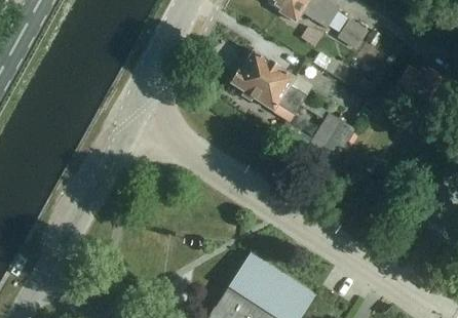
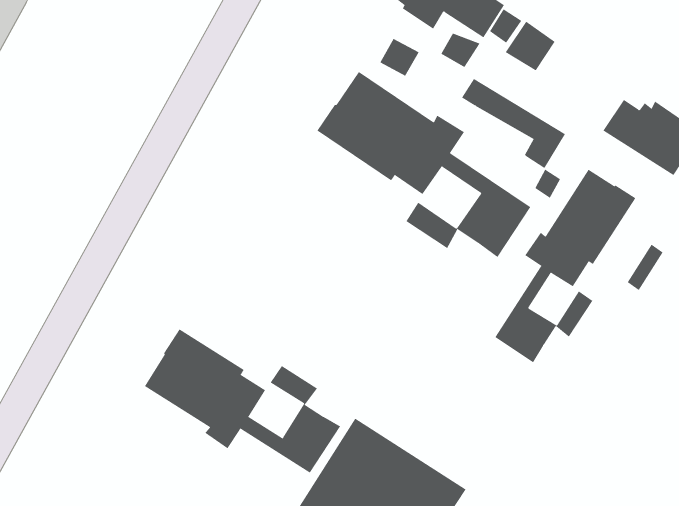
building: none -> [494,169,636,363]
building: none -> [144,328,341,473]

